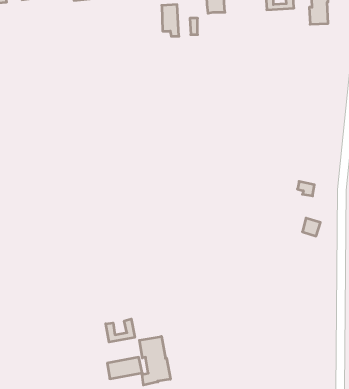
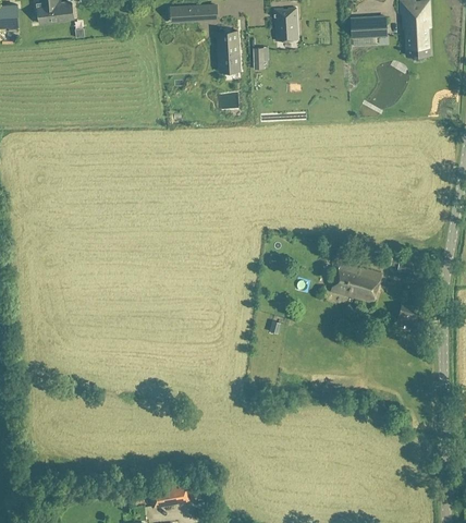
building: none -> [330,263,380,303]
building: [106,319,135,342] -> none
building: [139,336,170,385] -> none

